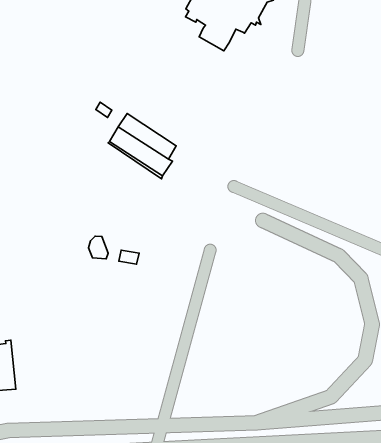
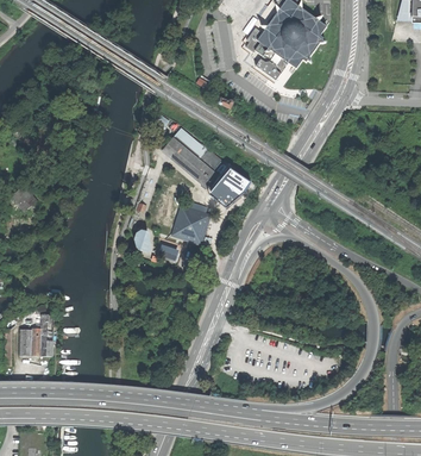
building: none -> [209,168,251,208]
building: none -> [174,206,210,243]

